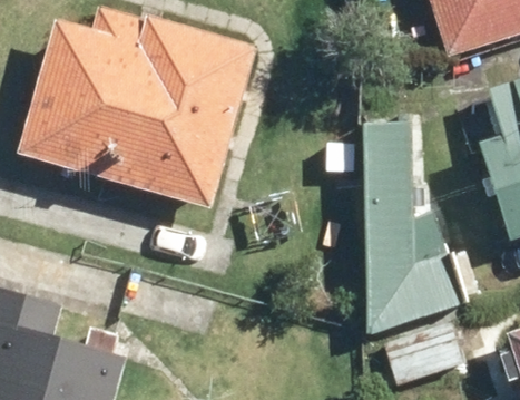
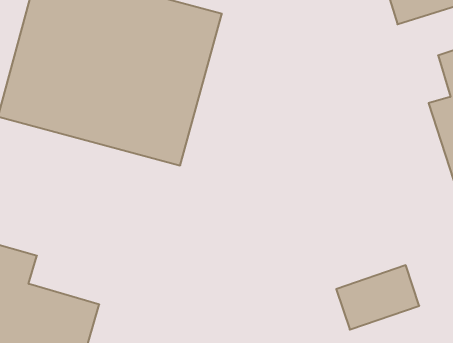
building: [364,123,459,332] -> none

